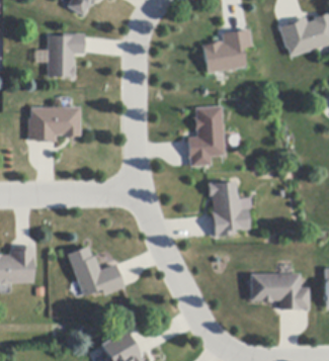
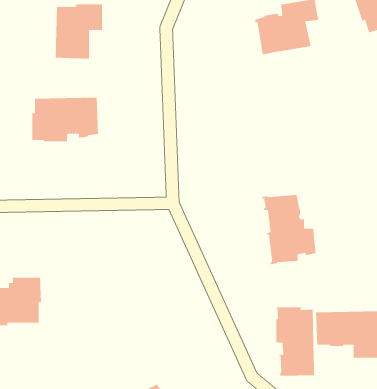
building: [187,106,225,167] -> none
building: [67,246,124,295] -> none
building: none -> [276,306,315,377]

